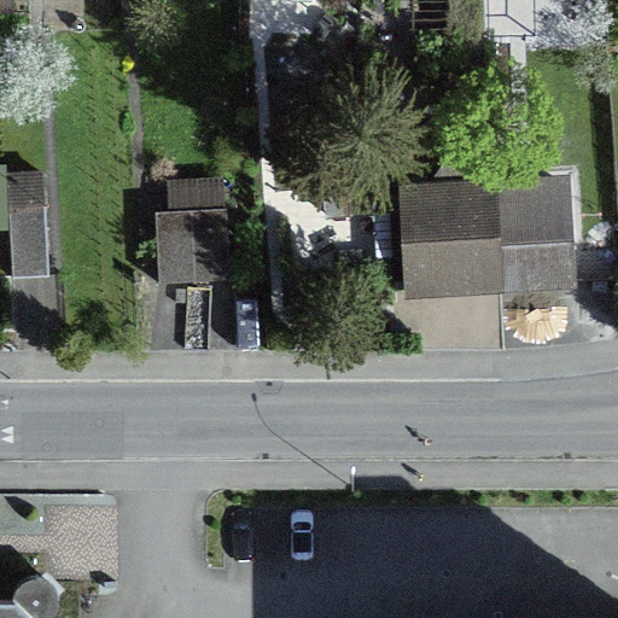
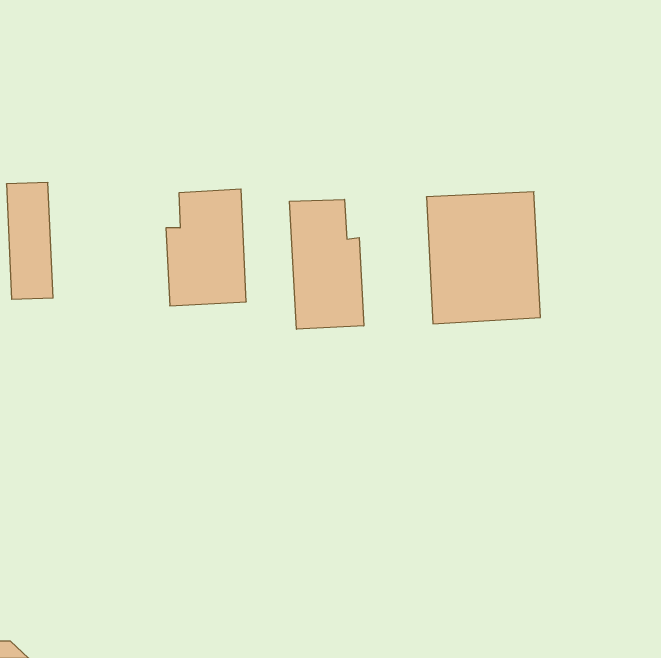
building: [497,175,576,296] -> none
building: none -> [290,199,364,329]

